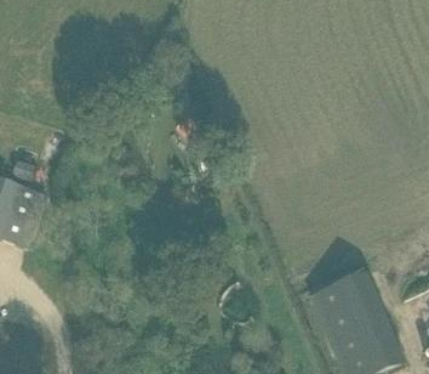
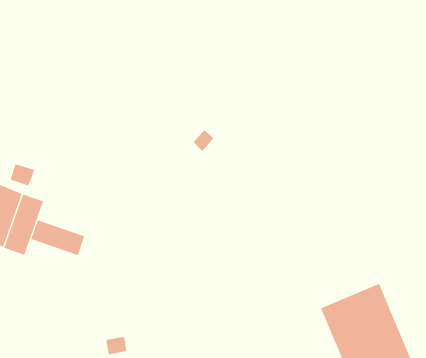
building: none -> [31,219,85,256]

